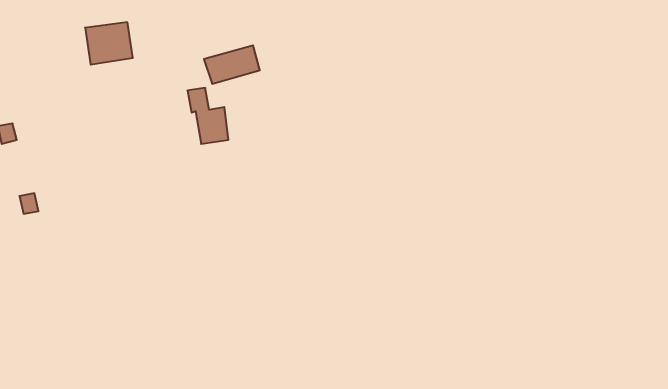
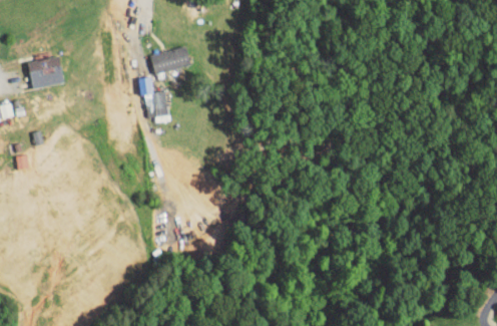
building: [85,22,133,65] -> [29,57,64,88]

